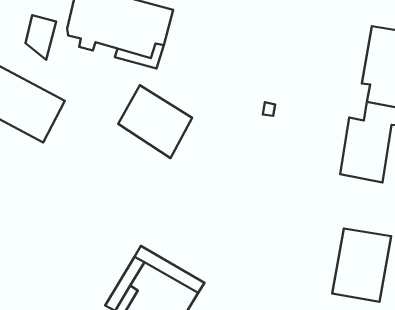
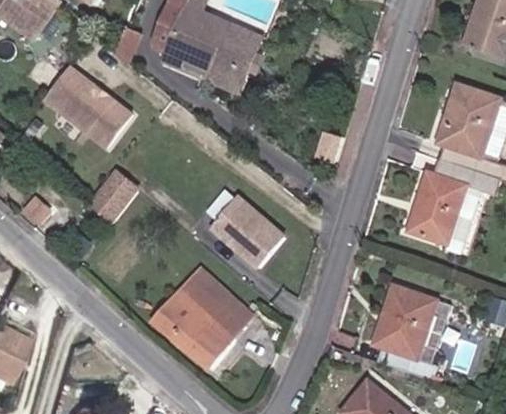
building: [118,85,192,158] -> [214,194,289,272]
building: none -> [88,167,141,222]

